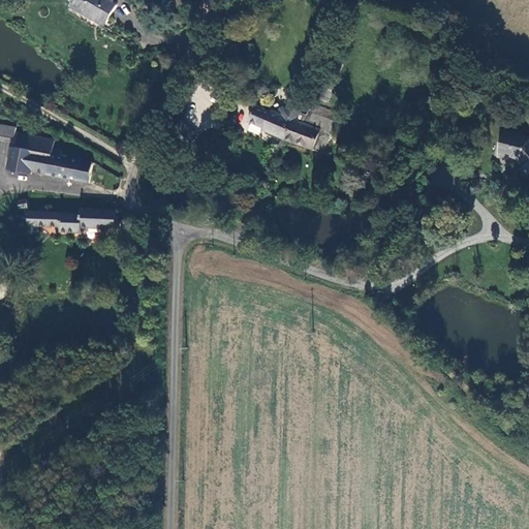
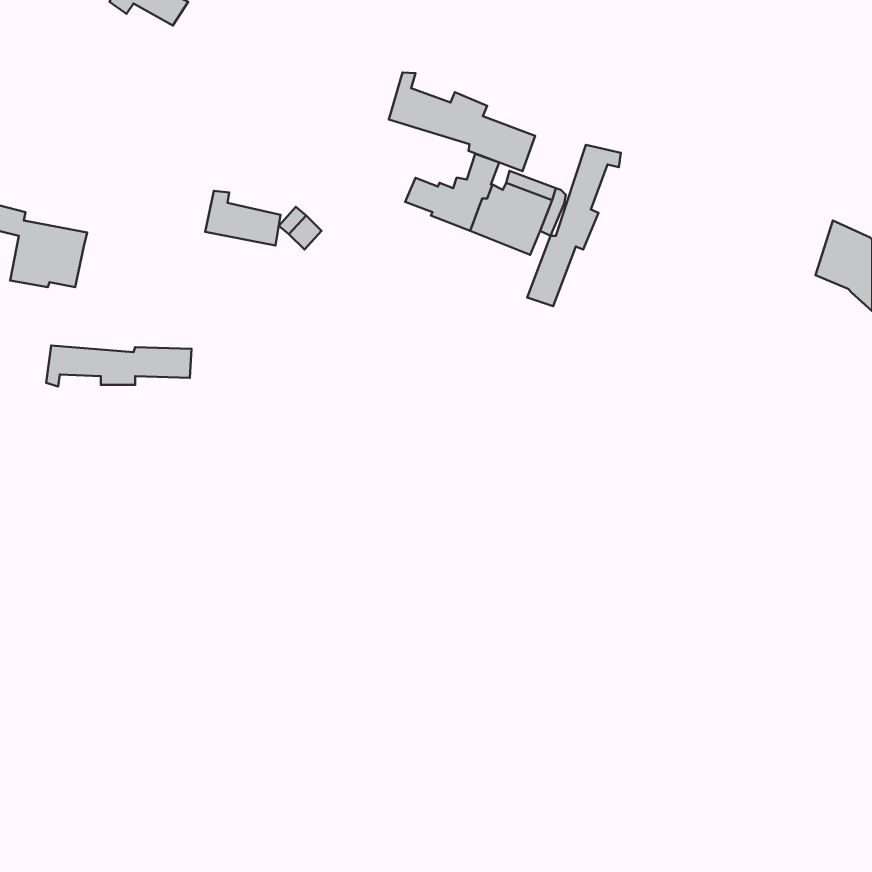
building: none -> [389,73,535,171]
building: none -> [527,145,621,306]
building: [45,149,91,182] -> [205,191,281,246]

